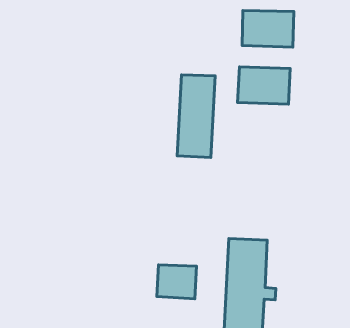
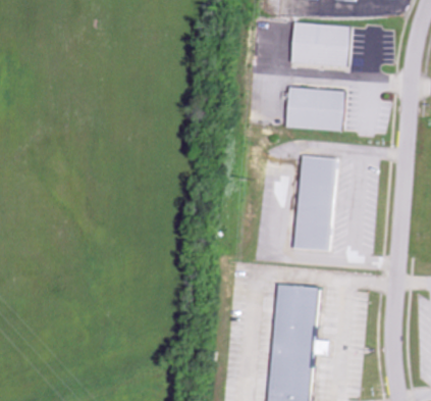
building: [177,75,215,158] -> [292,156,336,251]
building: [157,265,197,299] -> none

